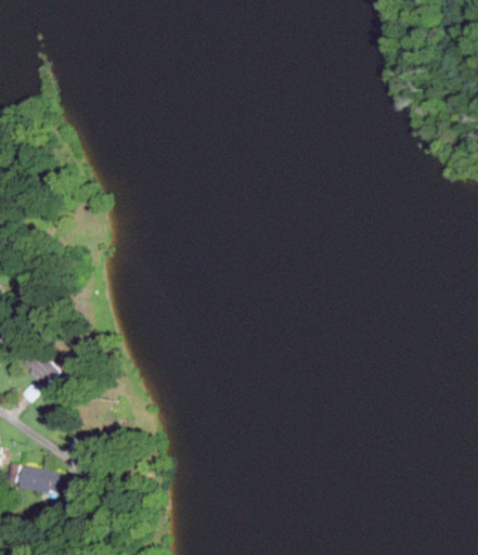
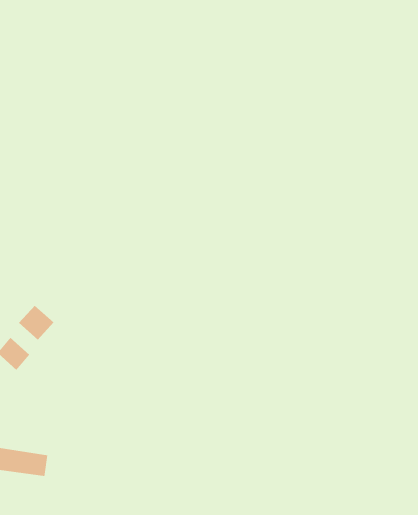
building: none -> [18,305,54,340]

